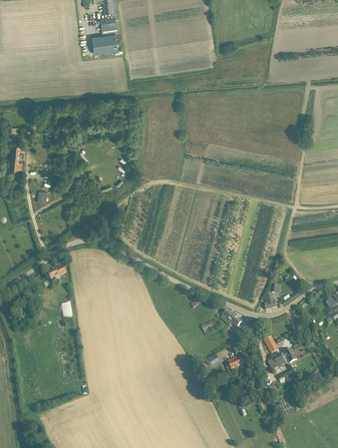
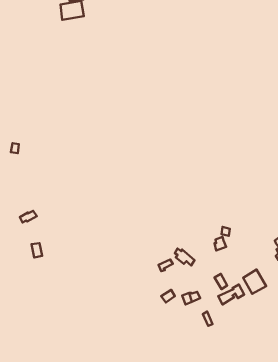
building: none -> [243,269,266,294]

